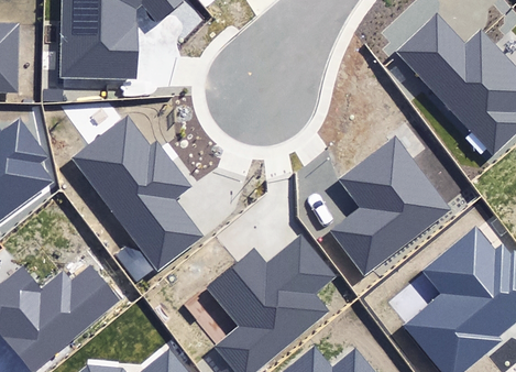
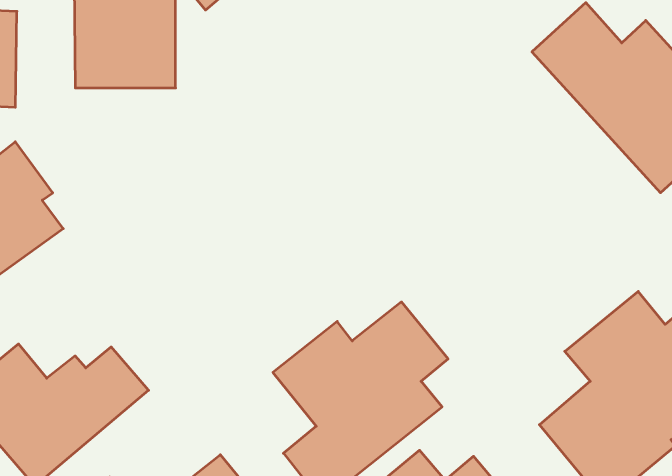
building: [67,111,202,272] -> none
building: [330,136,451,276] -> none

